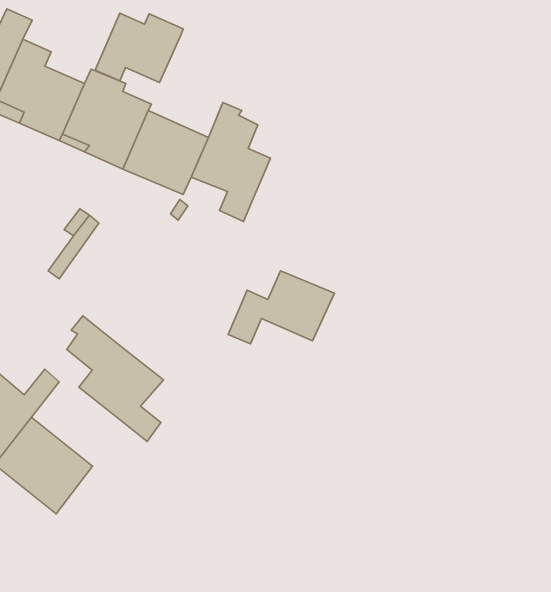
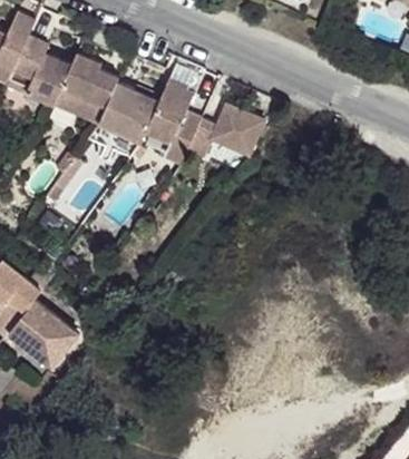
building: [95,13,183,83] -> none
building: [228,271,335,344] -> [188,104,263,155]
building: [67,316,163,442] -> none

